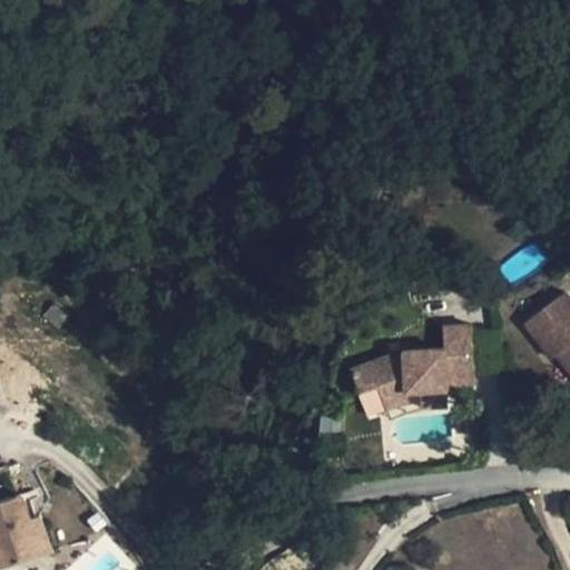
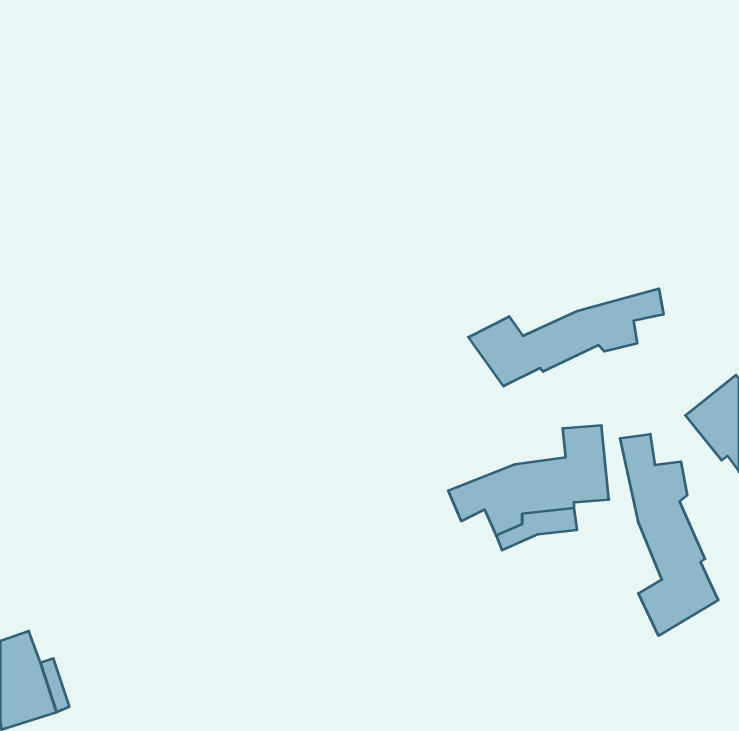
building: none -> [468,289,663,386]
building: none -> [620,434,718,636]

